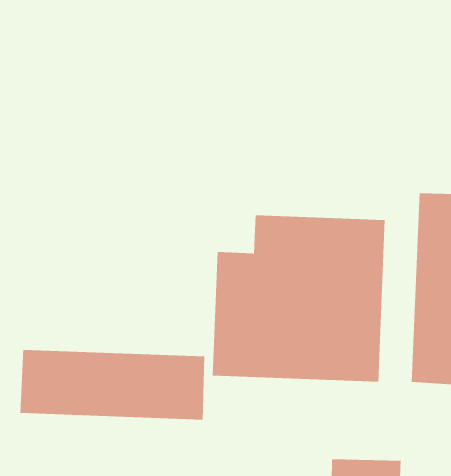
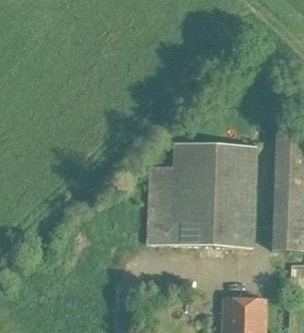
building: [20,349,205,420] -> none

